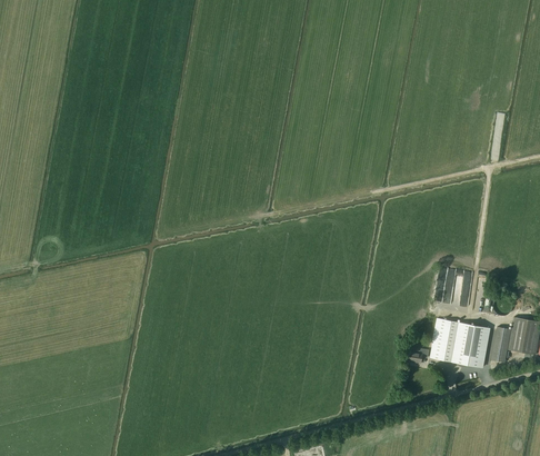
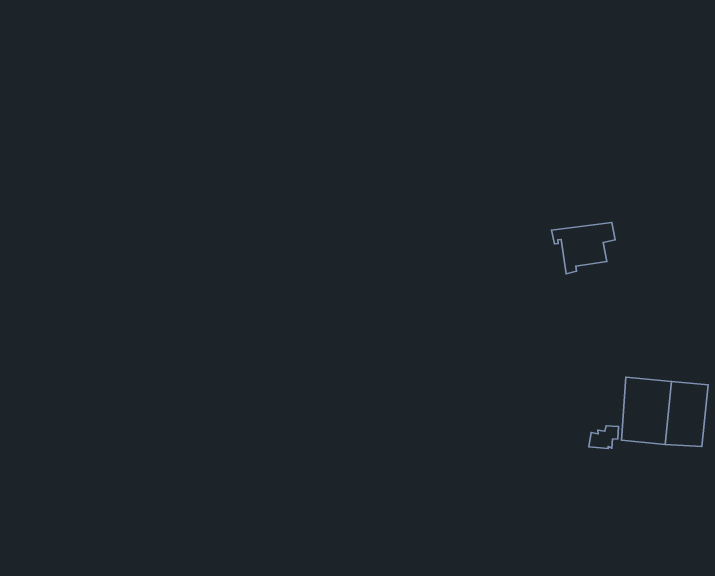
building: [439,274,479,304] -> [552,223,615,274]

